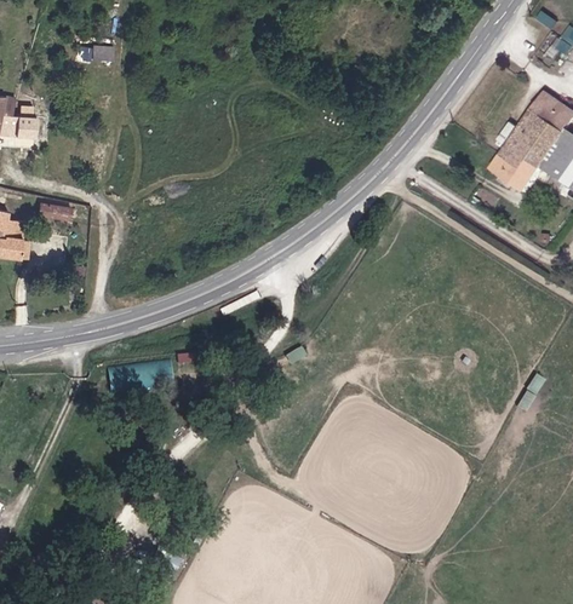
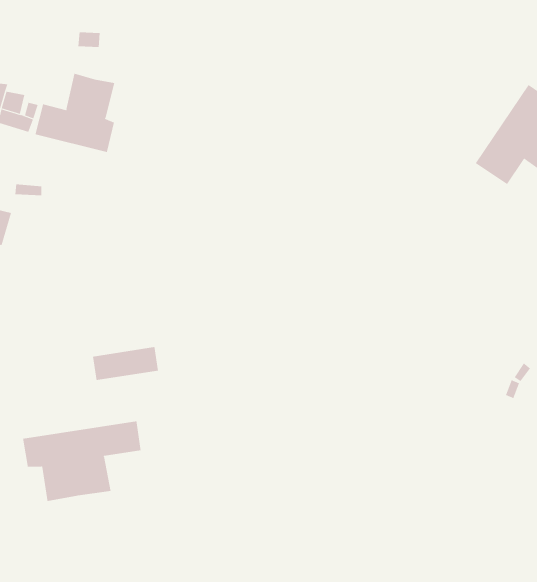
building: none -> [35,73,115,153]
building: none -> [22,421,141,502]

